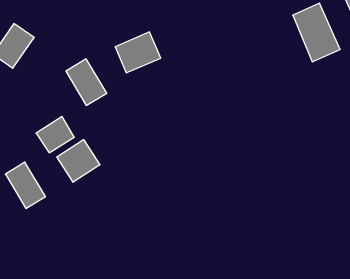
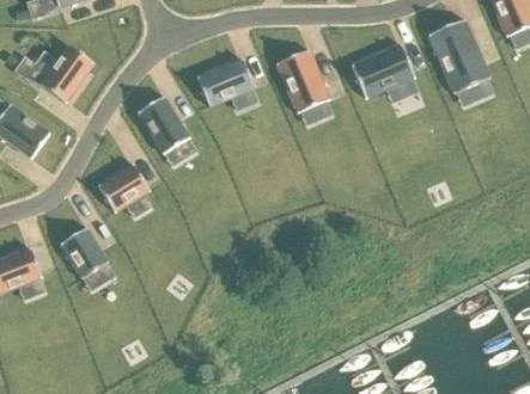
building: none -> [353,45,414,97]
building: none -> [278,48,329,110]
building: [57,140,100,182] -> none

